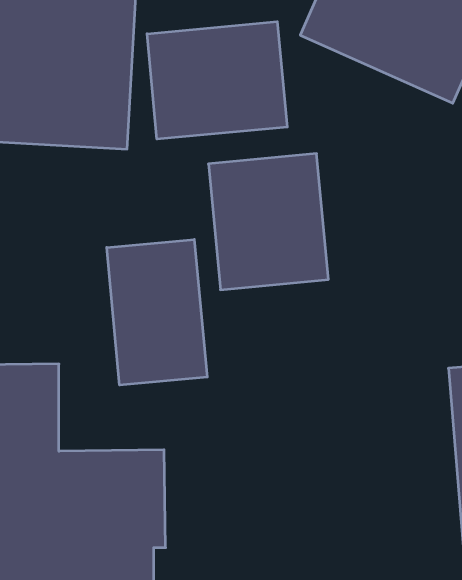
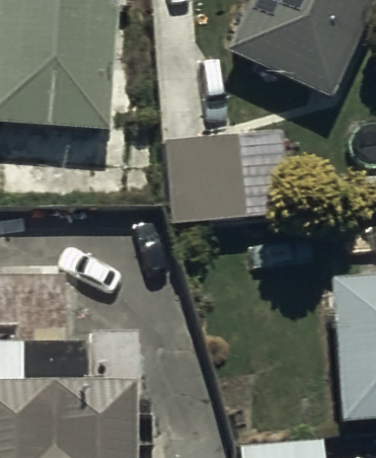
building: [147,22,287,139] -> none
building: [107,239,207,385] -> none

